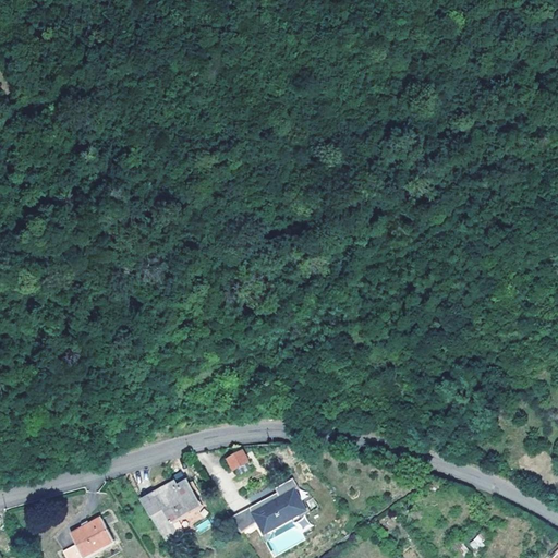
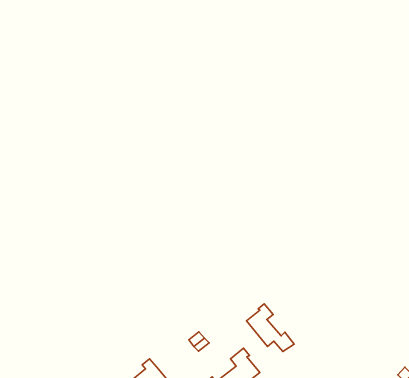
building: none -> [247,304,294,351]

